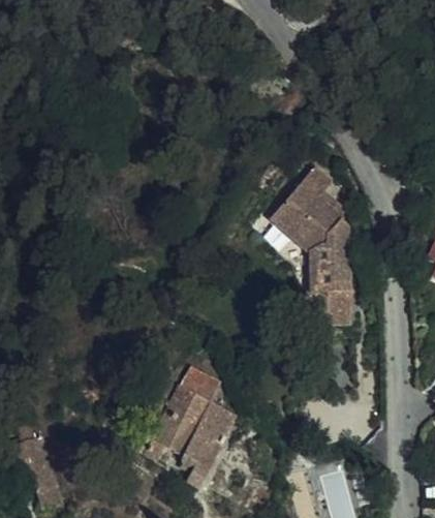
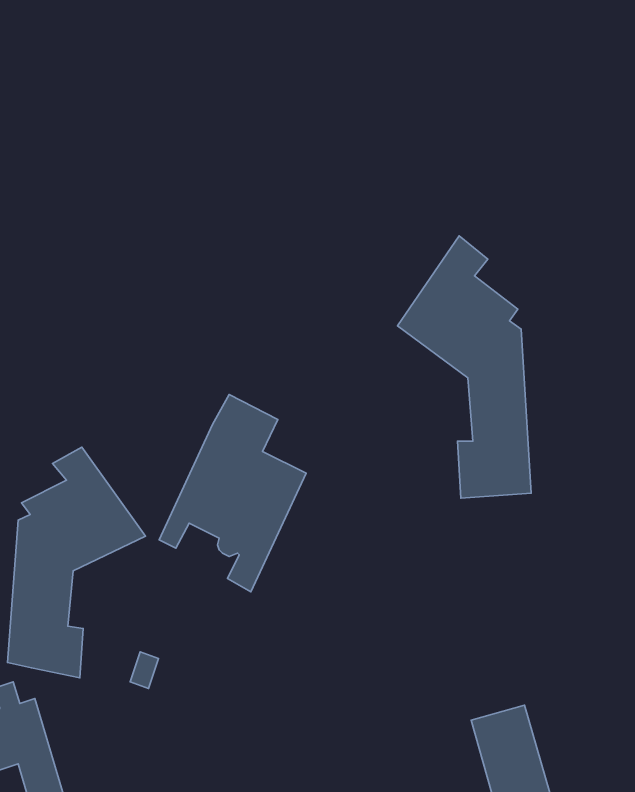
building: none -> [7,447,146,678]
building: [146,369,237,491] -> [159,395,306,592]

